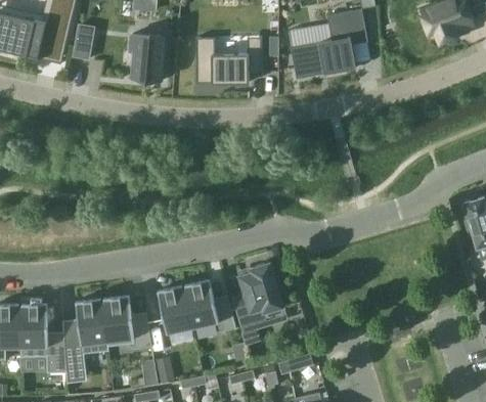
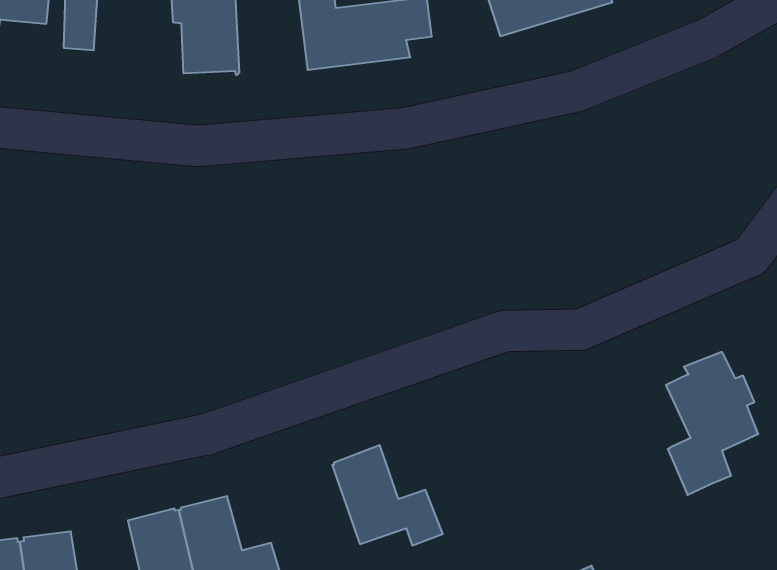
building: [235,262,282,332] -> [666,352,758,495]
building: [157,284,192,332] -> none

